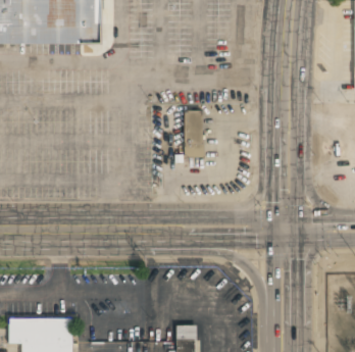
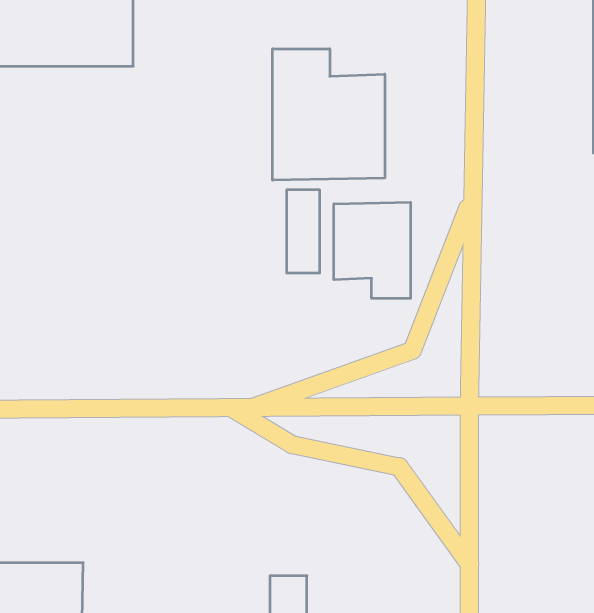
building: none -> [273,49,385,180]
building: none -> [334,202,411,298]

